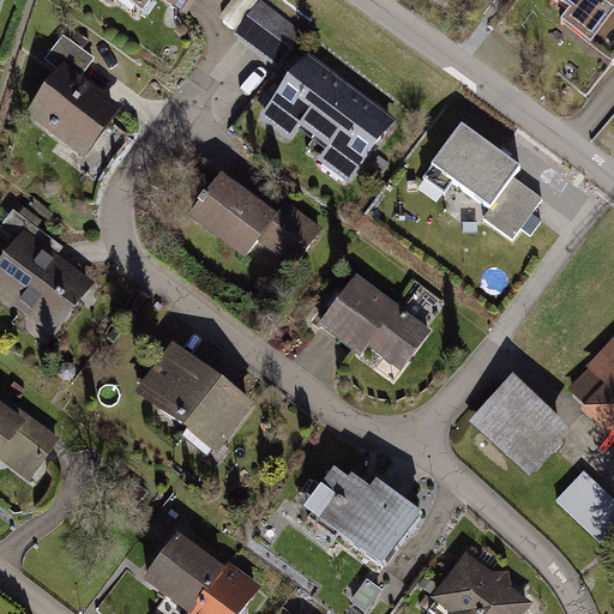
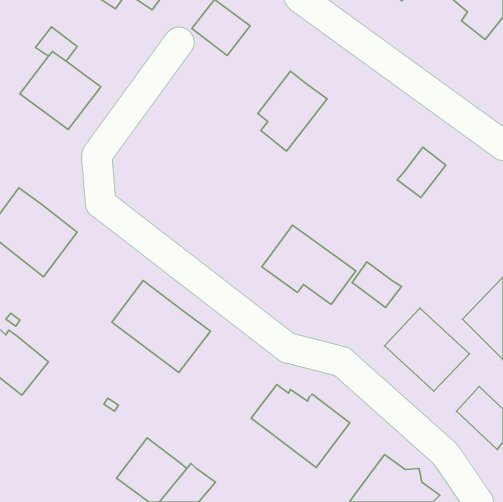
building: [259,52,353,138] -> none
building: [423,121,523,209] -> none
building: [189,171,323,266] -> none
building: none -> [352,262,401,307]

